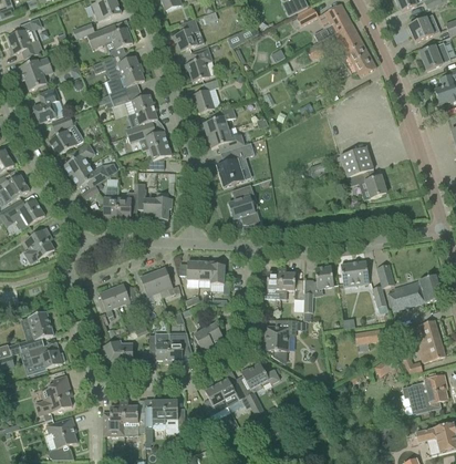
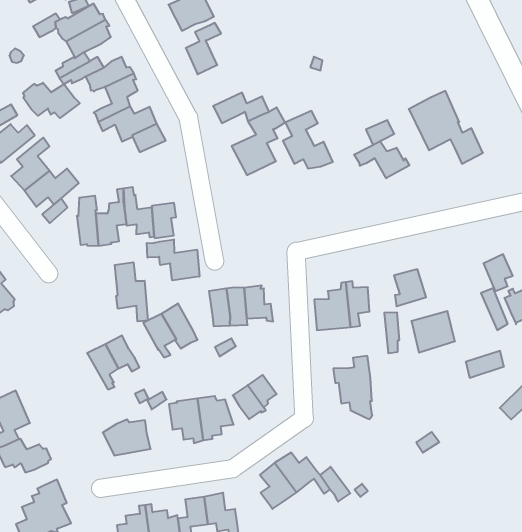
building: none -> [23,83,80,118]
building: [203,105,236,135] -> none
building: none -> [354,141,409,178]
building: [228,184,260,223] -> [283,111,333,168]
building: none -> [147,239,199,280]
building: none -> [115,262,148,321]
building: [341,260,369,286] -> [411,311,455,353]
building: [240,361,279,388] -> none

